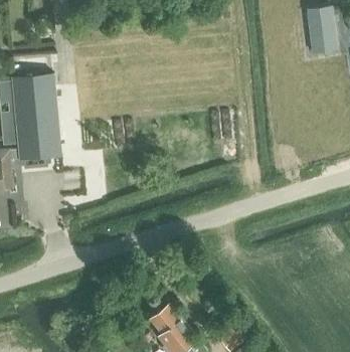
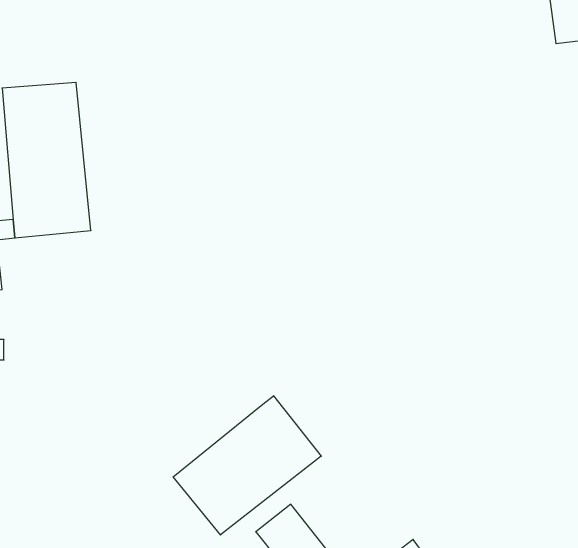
building: none -> [173,396,321,535]

